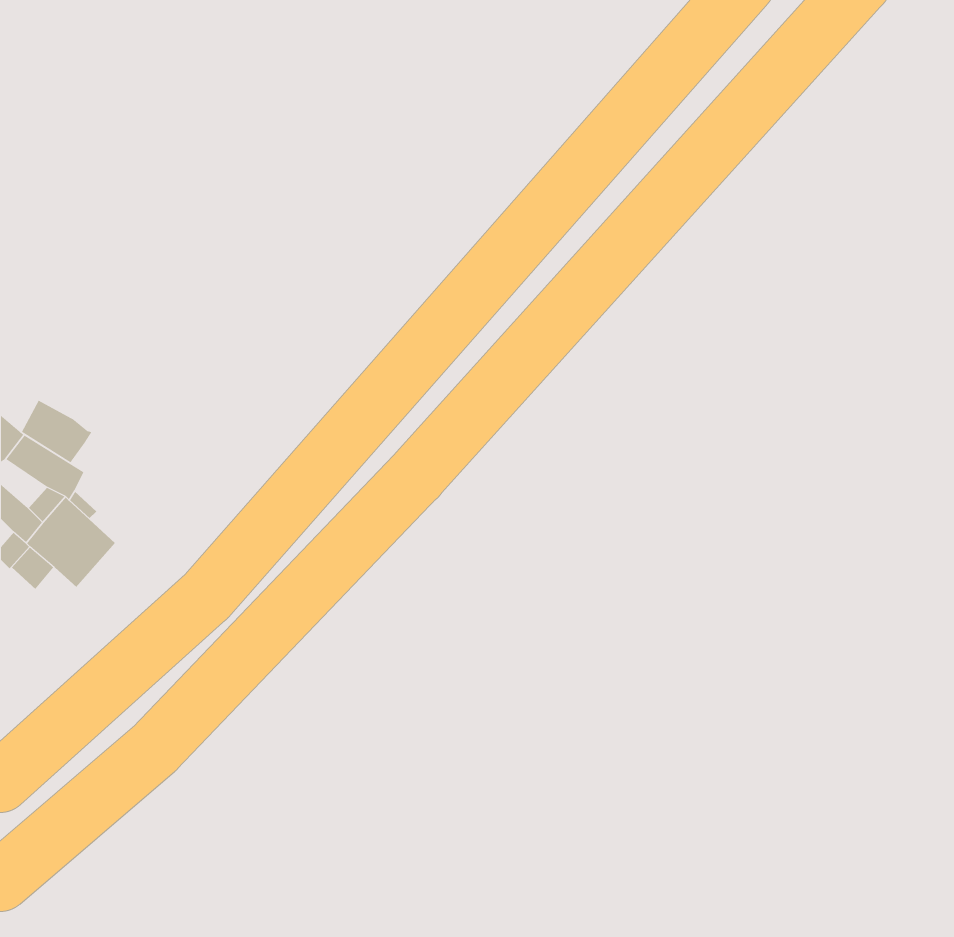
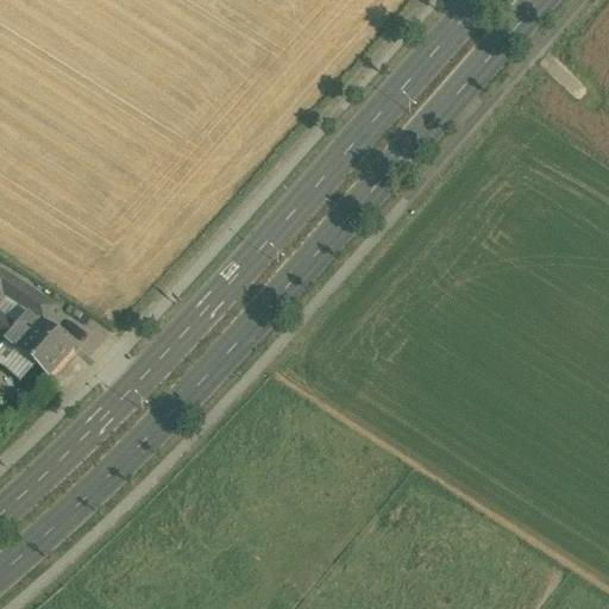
building: [21,400,92,463] -> none

